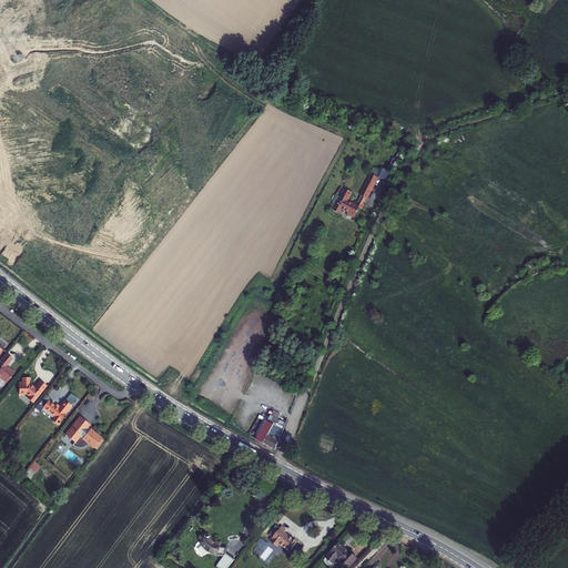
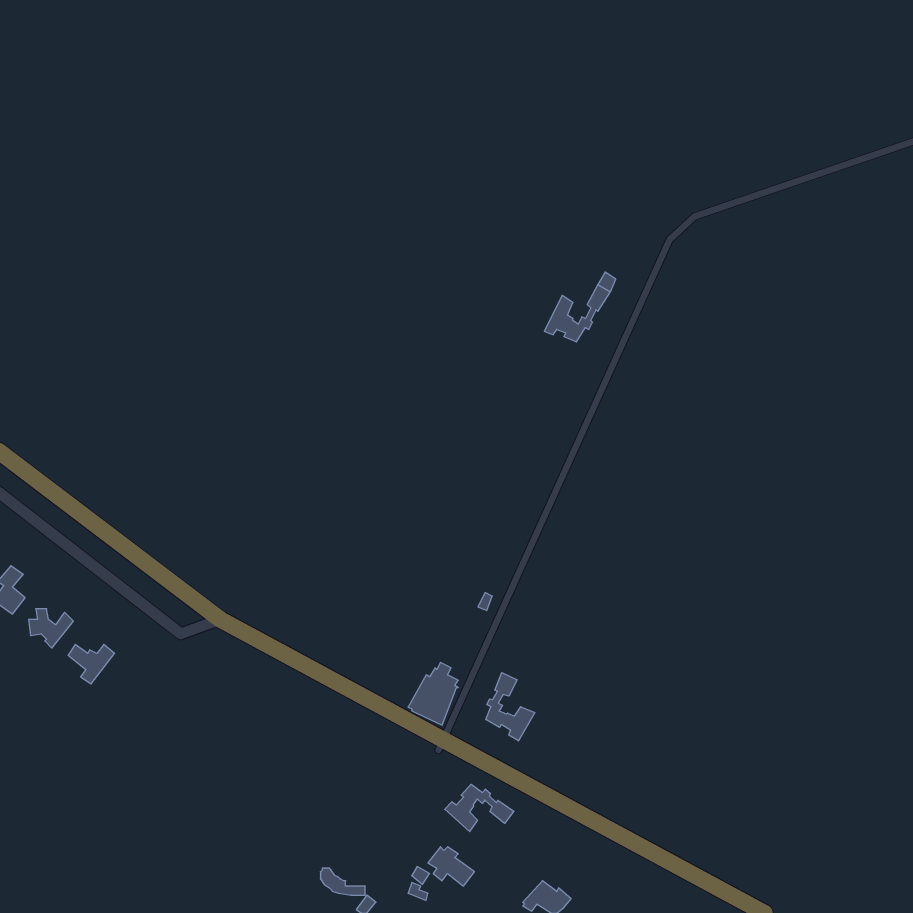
building: none -> [486,673,535,741]
building: [67,417,102,448] -> none
building: none -> [445,784,514,832]

